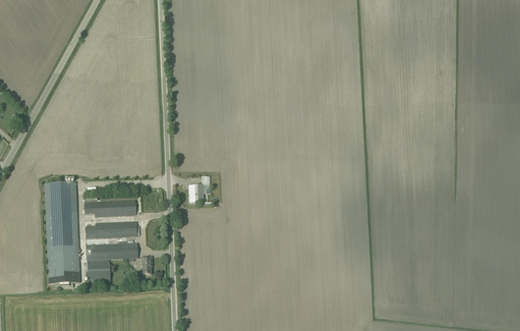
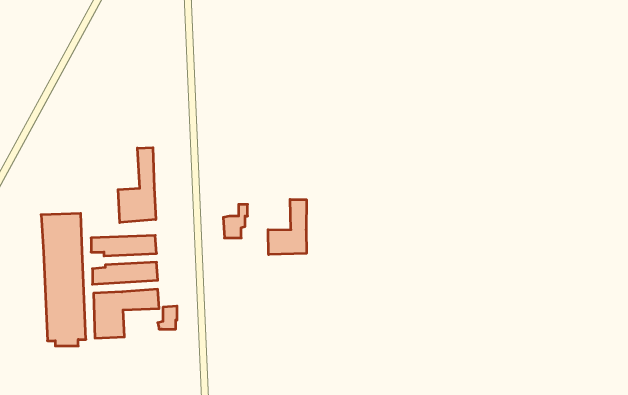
building: none -> [118,148,156,223]
building: none -> [268,199,306,255]

